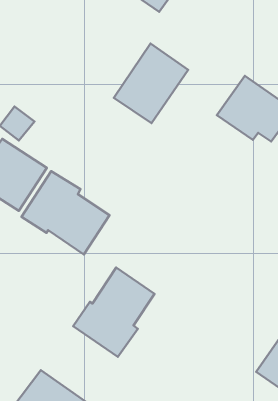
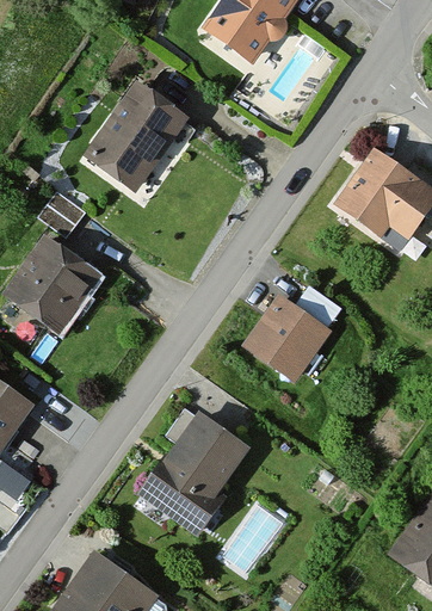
building: [114,44,188,123] -> [85,81,186,190]
building: [22,171,110,254] -> none
building: none -> [242,286,341,385]

